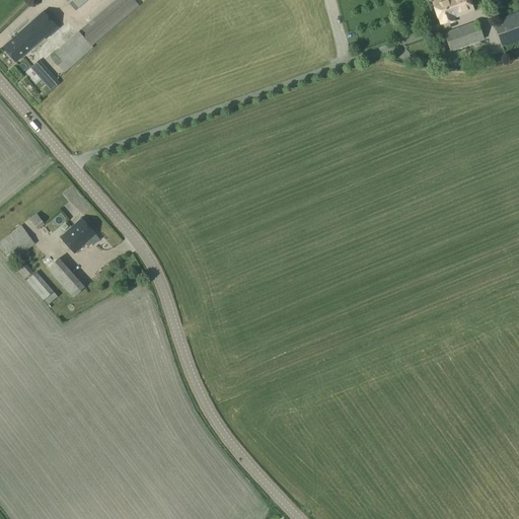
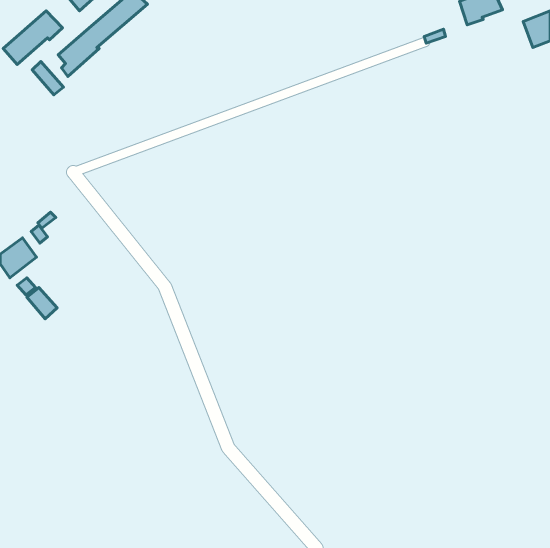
building: [443,20,484,51] -> none
building: [60,217,96,252] -> none
building: [47,256,85,297] -> none

